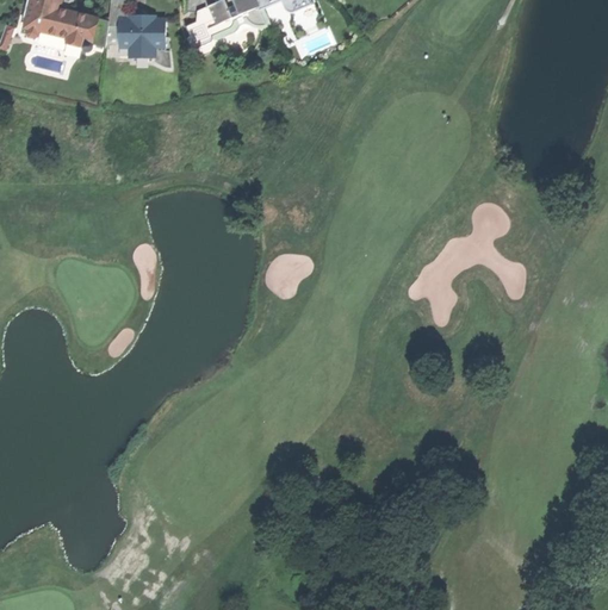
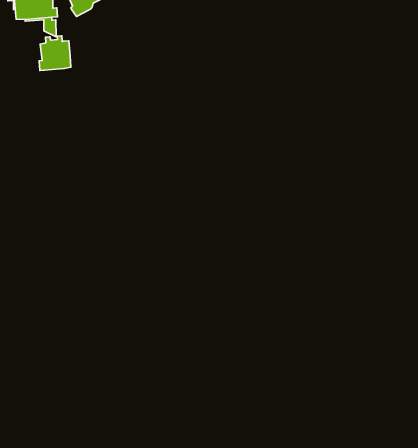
building: none -> [39,36,71,71]

